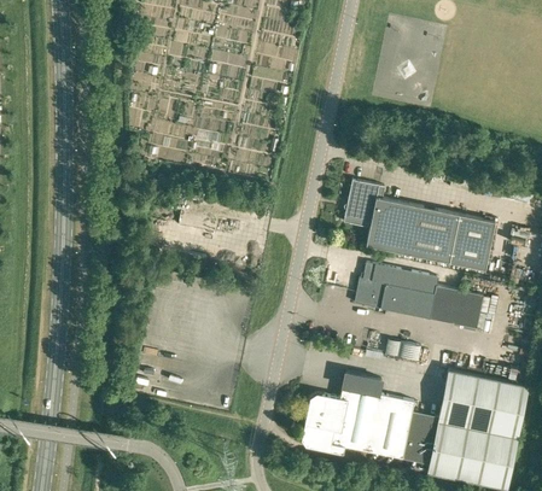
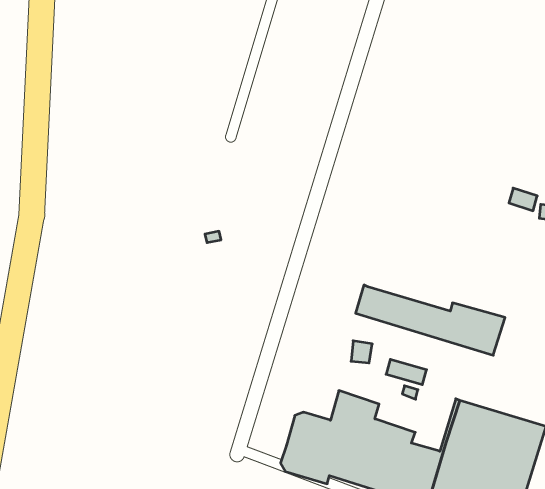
building: [343,181,495,271] -> none
building: [362,263,439,294] -> none

